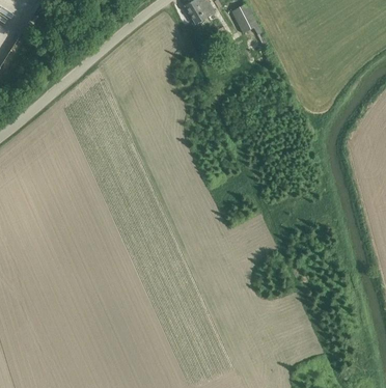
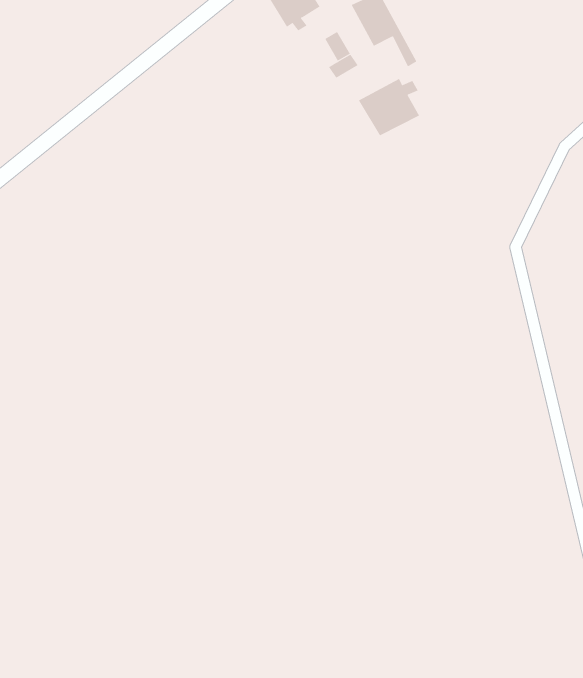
building: none -> [358,78,420,136]

